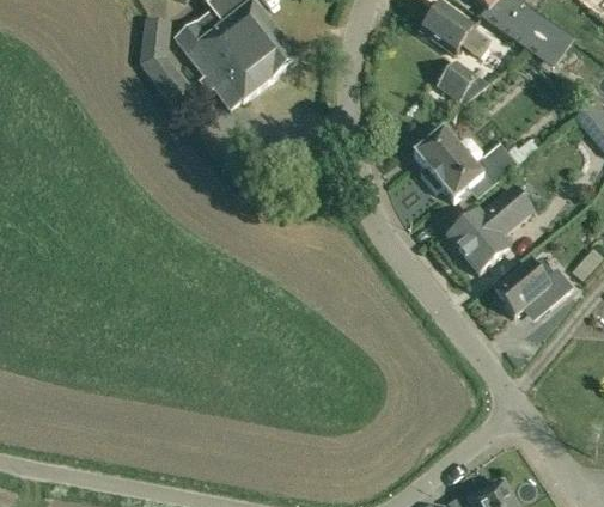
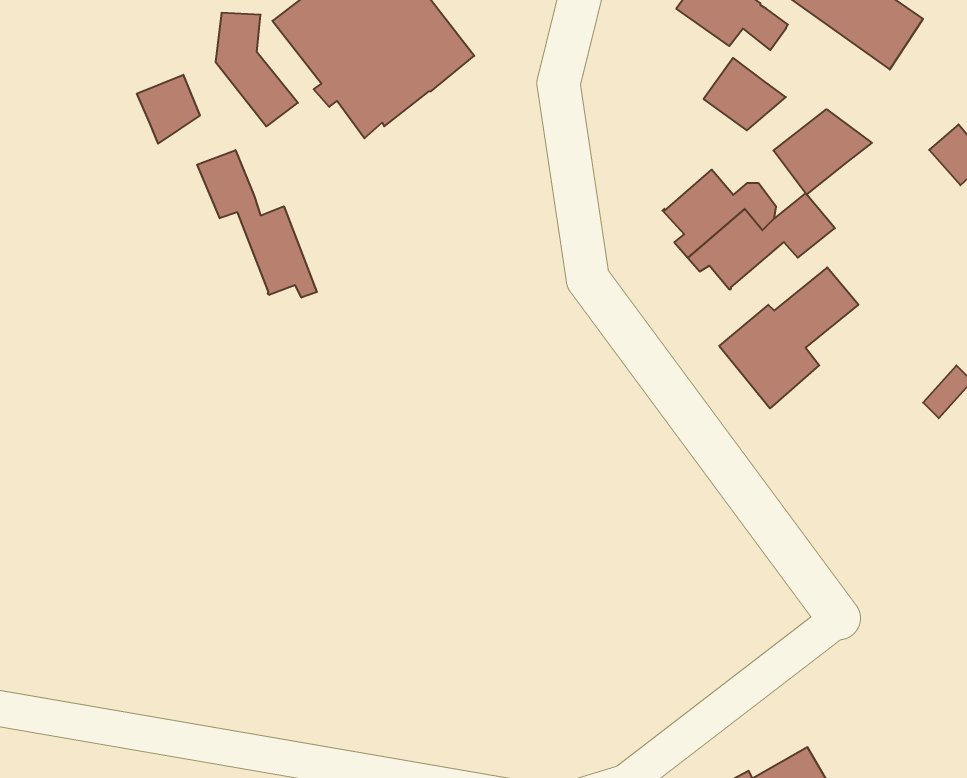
building: none -> [137,75,200,144]
building: none -> [773,109,872,194]
building: none -> [197,150,317,298]
building: [494,257,573,316] -> none

